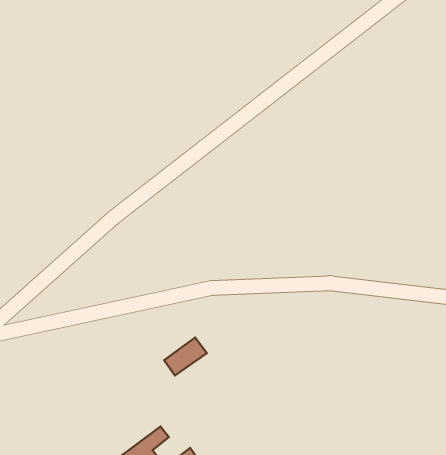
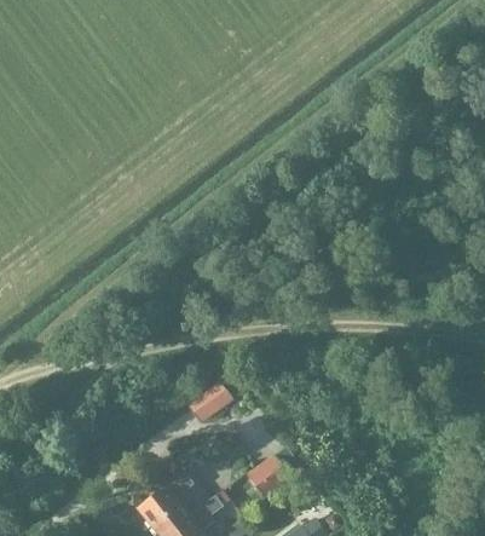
building: none -> [247,460,287,497]

